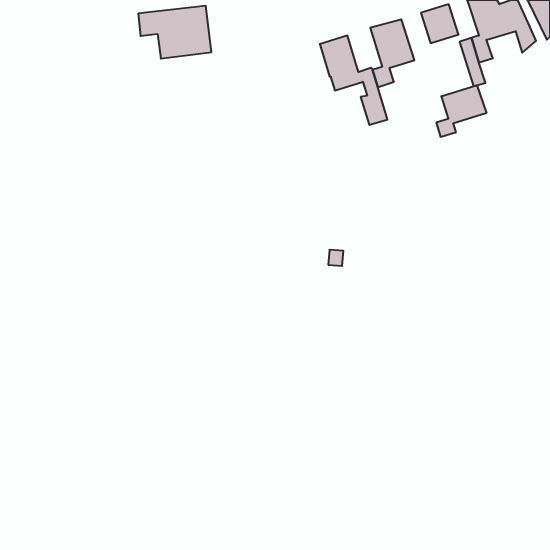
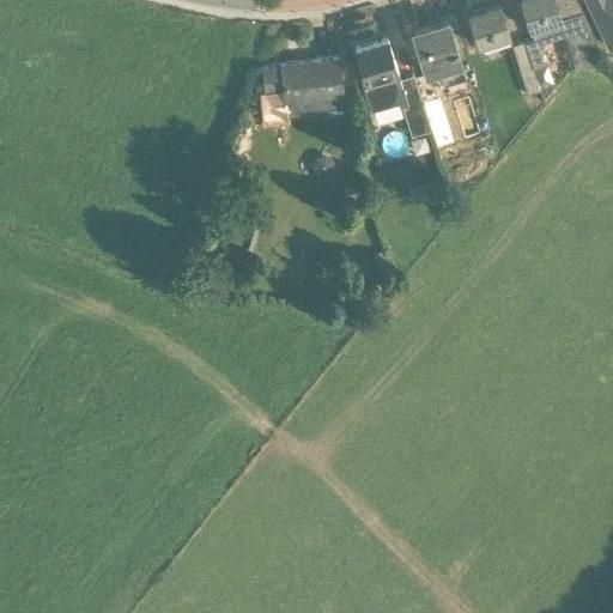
building: [138,6,211,59] -> [262,59,344,117]
building: [437,85,486,137] -> none

